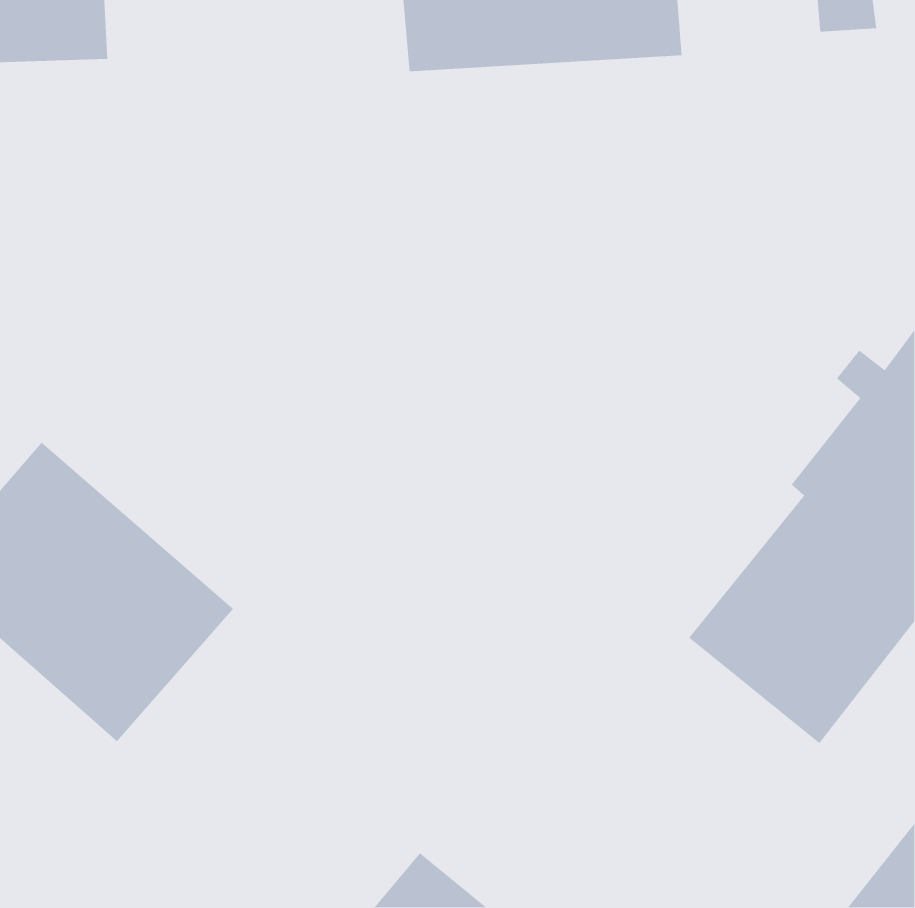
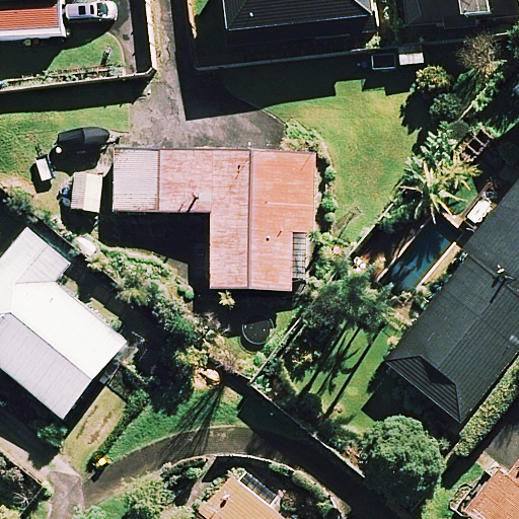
building: none -> [109,148,315,290]

